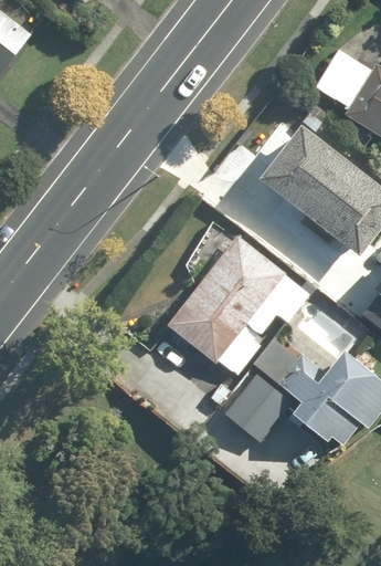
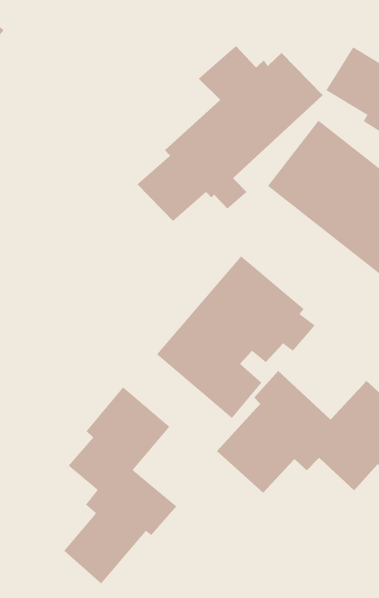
building: none -> [137,45,323,222]
building: none -> [63,387,177,584]

